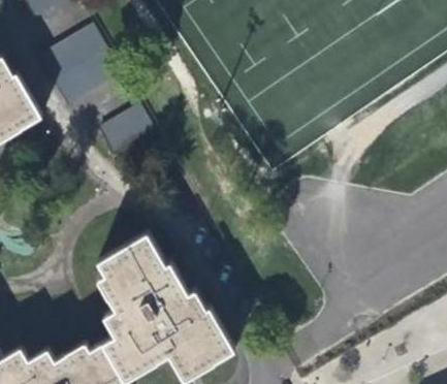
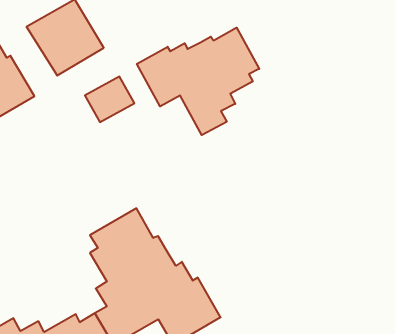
building: none -> [137,28,259,135]

